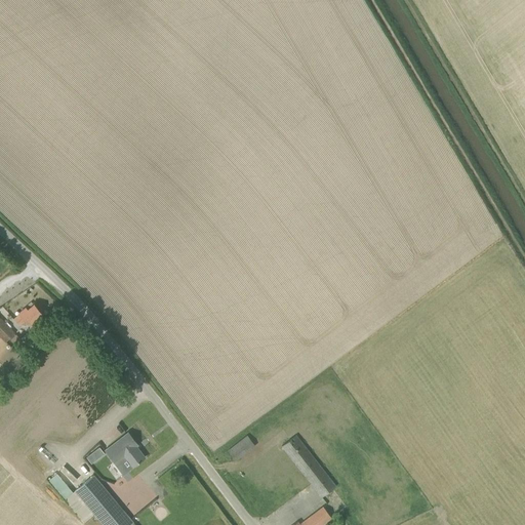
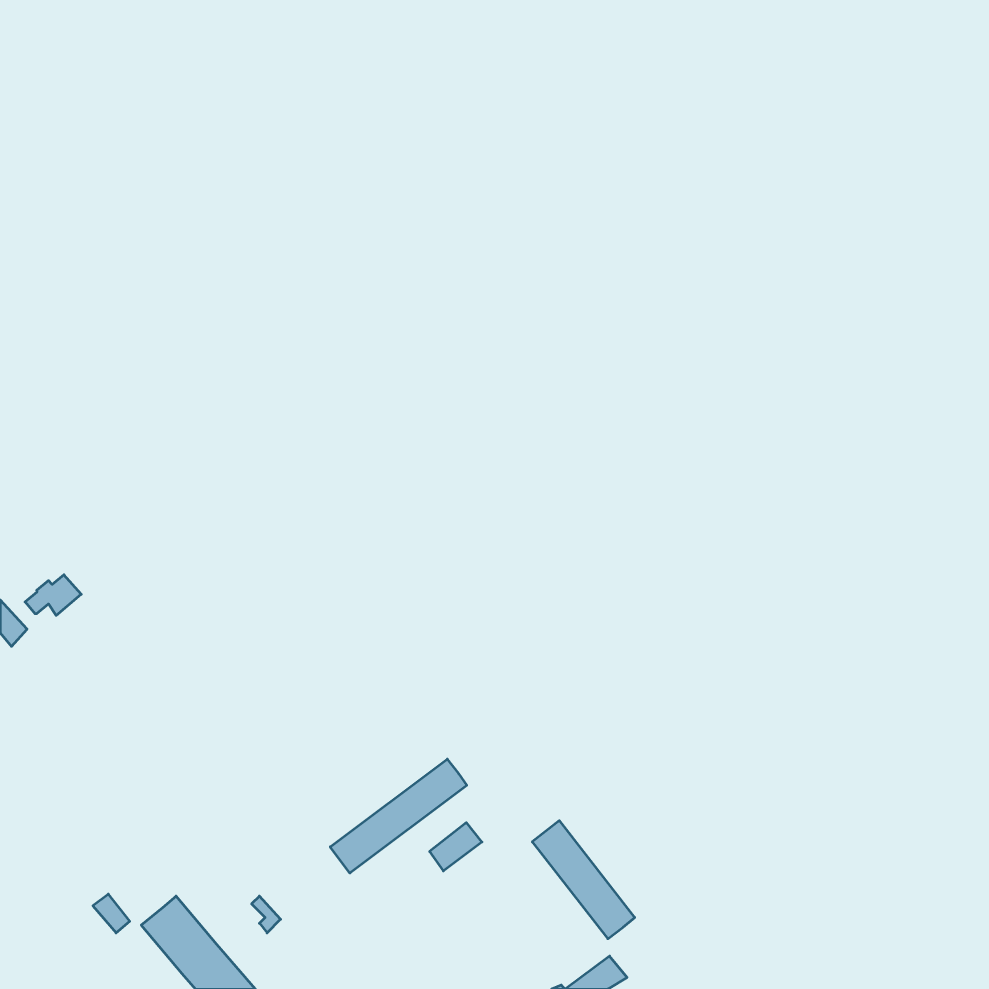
building: none -> [330,759,467,873]
building: [106,433,145,474] -> none

